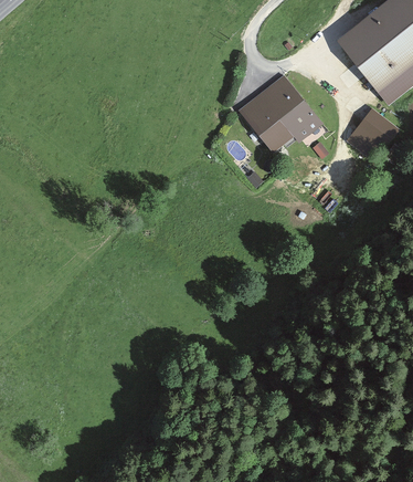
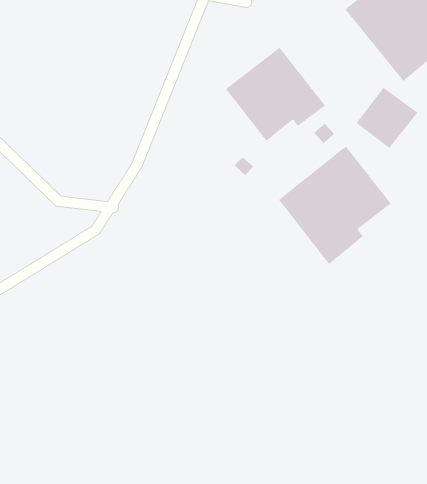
building: none -> [278,145,392,265]

